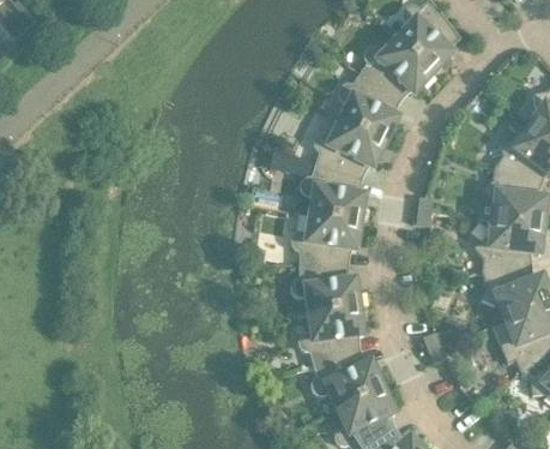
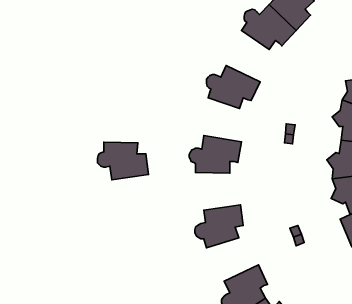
building: [338,72,398,140] -> none
building: [298,162,364,221] -> none
building: [290,262,358,312] -> [97,142,149,180]
building: [310,349,382,407] -> none

